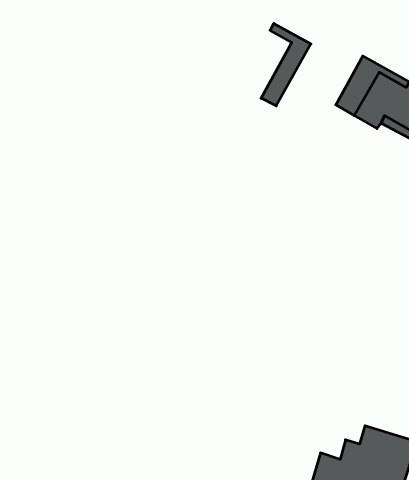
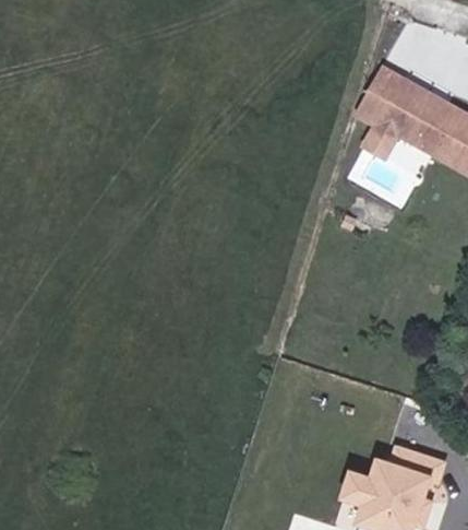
building: [261,23,311,106] -> none

